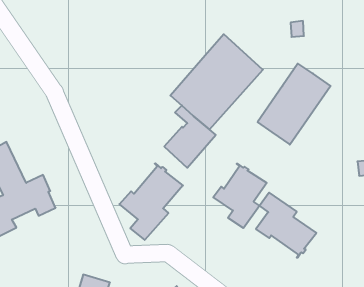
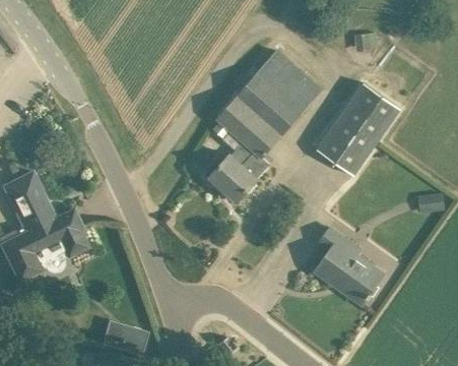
building: [119,163,183,240] -> none
building: [213,164,267,228] -> none

